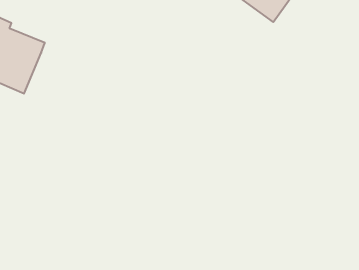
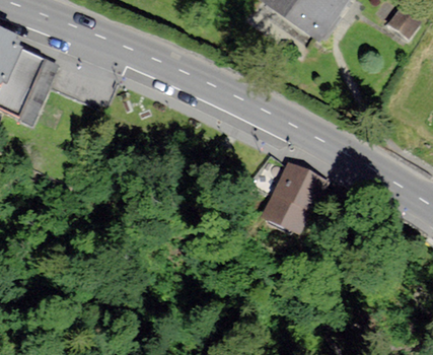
building: none -> [265,161,323,229]

